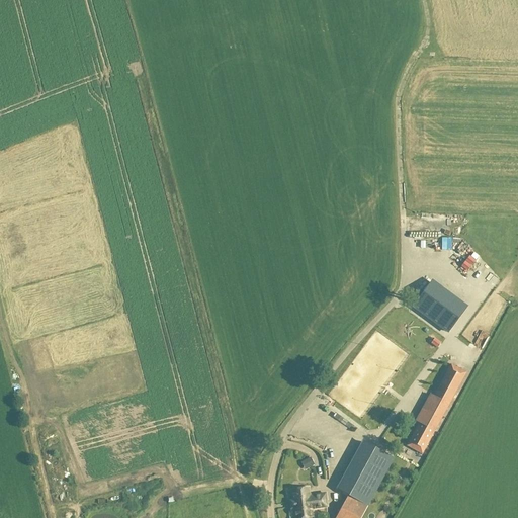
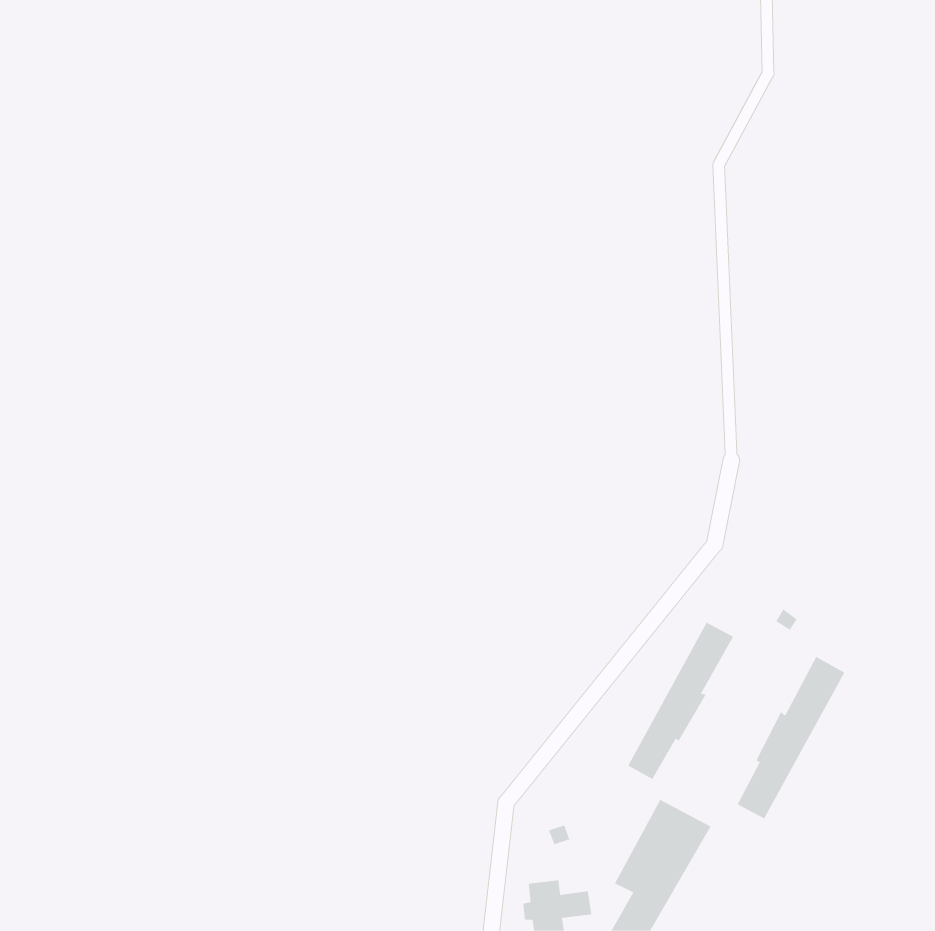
building: [414,282,464,331] -> none
building: none -> [627,622,734,780]

